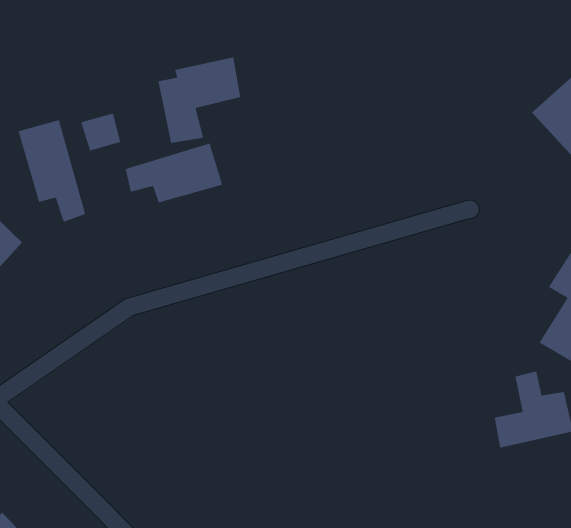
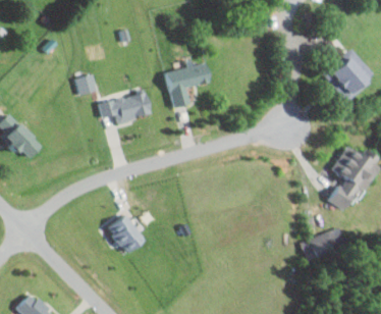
building: [158,57,241,144] -> [165,59,211,107]
building: [17,119,86,223] -> none
building: none -> [109,213,145,253]

